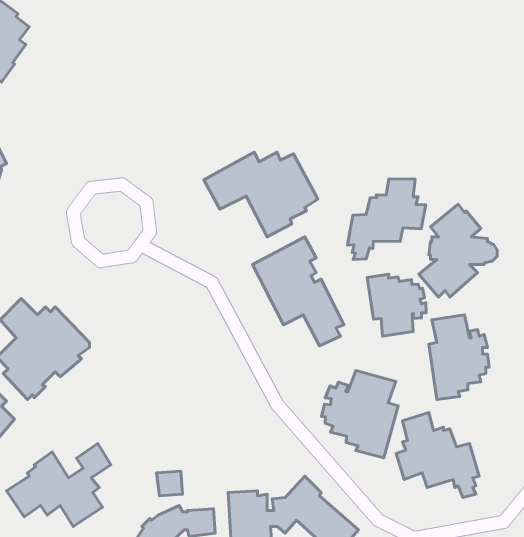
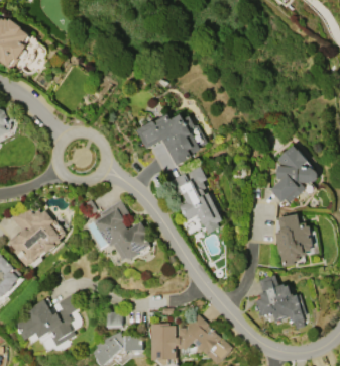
building: [348,179,426,259] -> none
building: [367,274,426,336] -> none
building: none -> [94,200,151,261]
building: [322,371,398,458] -> none

